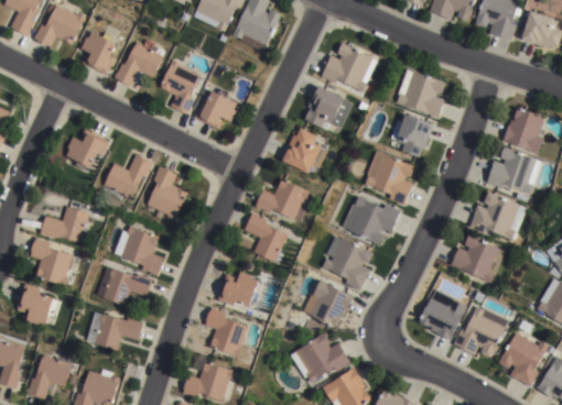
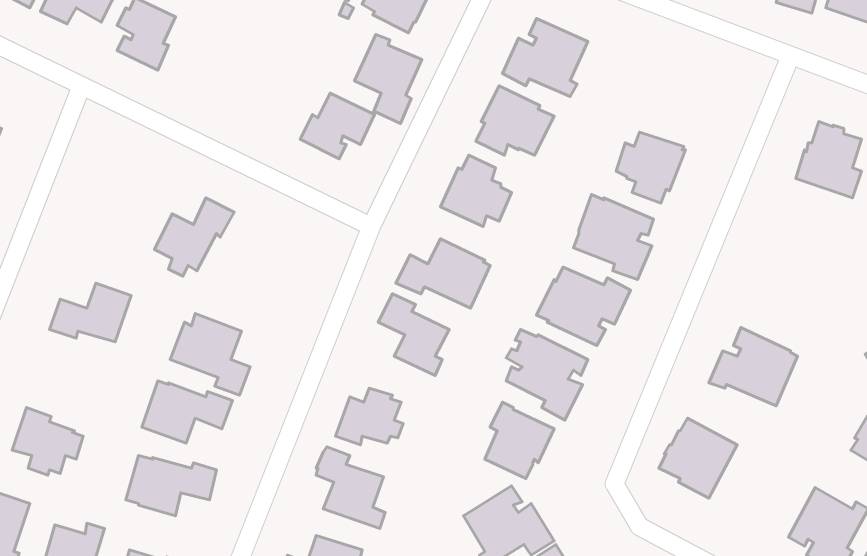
building: [116,39,167,85] -> none
building: [160,58,202,113] -> [354,35,422,123]
building: [397,68,446,118] -> none
building: [67,128,109,169] -> none
building: [485,146,541,193] -> none
building: [148,164,188,220] -> none
building: [467,191,527,240] -> none
building: [29,238,77,285] -> none
building: [453,306,508,358] -> none

